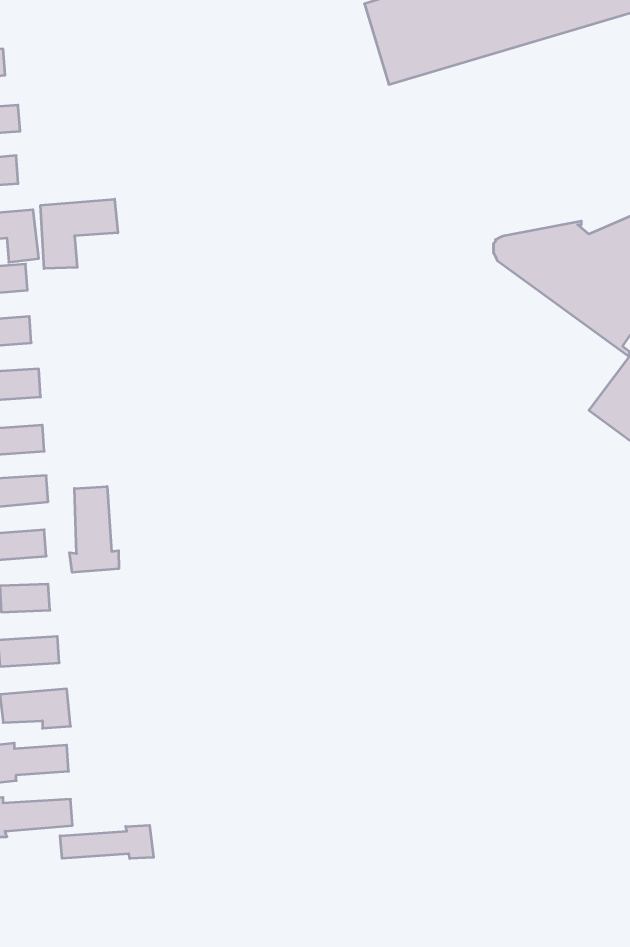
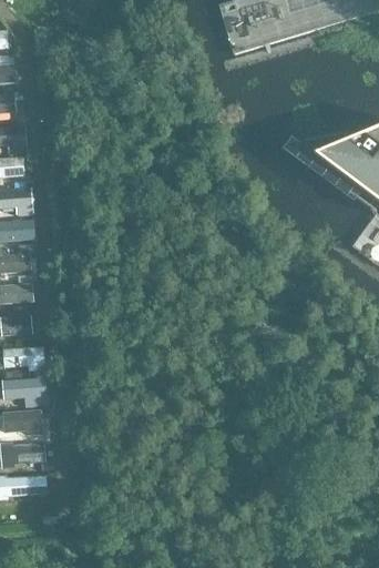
building: [41,199,118,269] -> none
building: [69,486,119,572] -> none
building: [60,825,154,859] -> none

